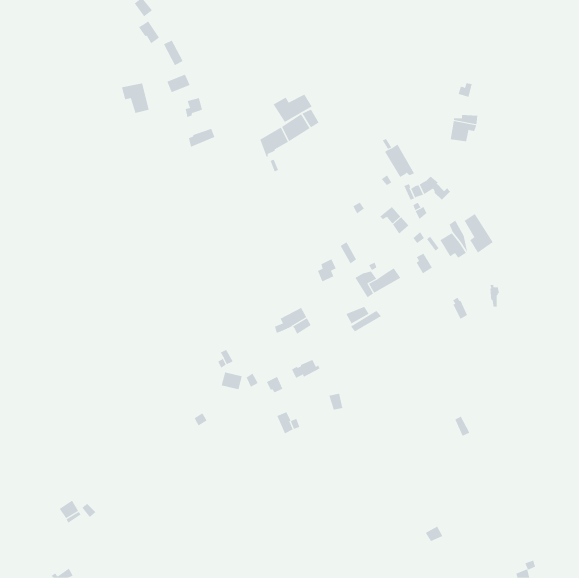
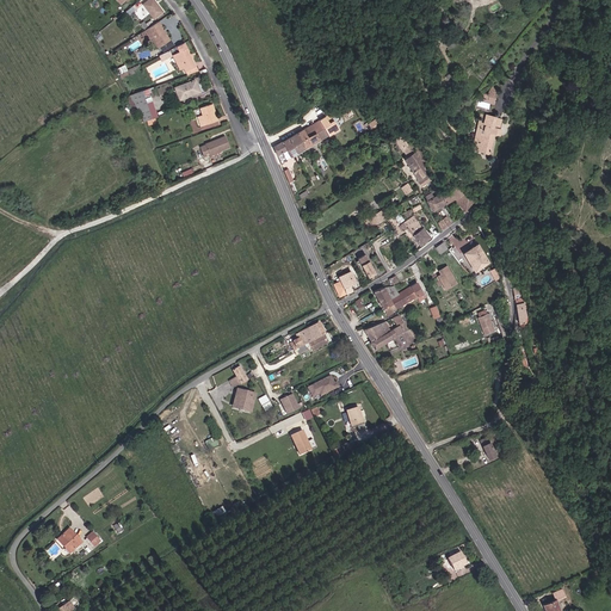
building: [273,94,312,123] -> none
building: [464,213,494,254] -> none

